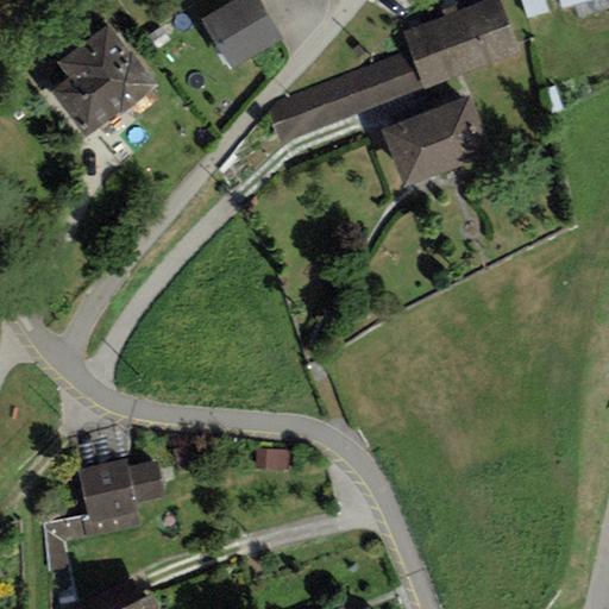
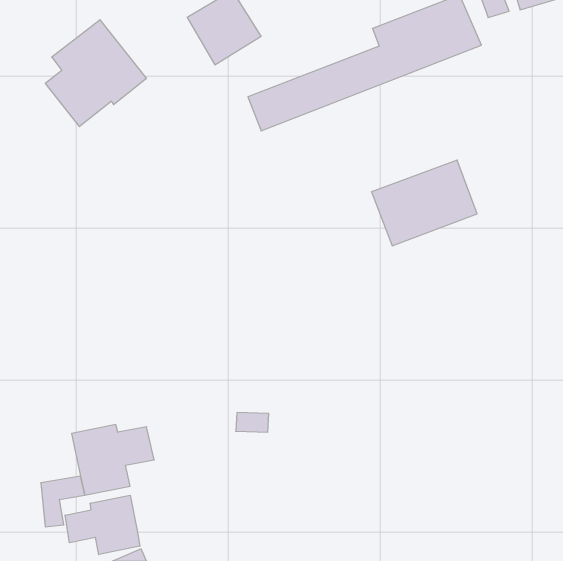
building: [379,95,494,188] -> [371,160,477,246]
building: none -> [65,495,140,555]

